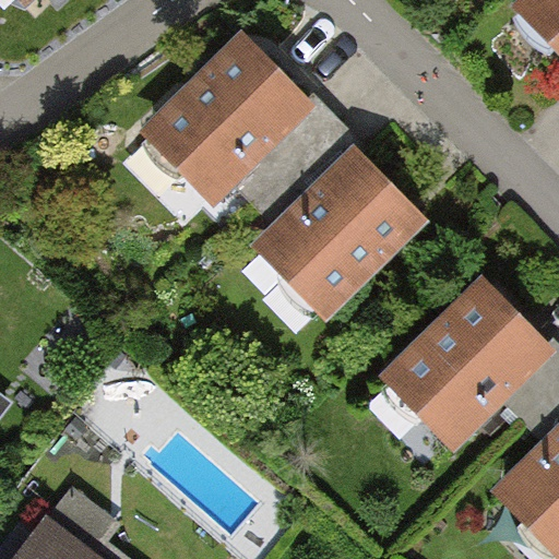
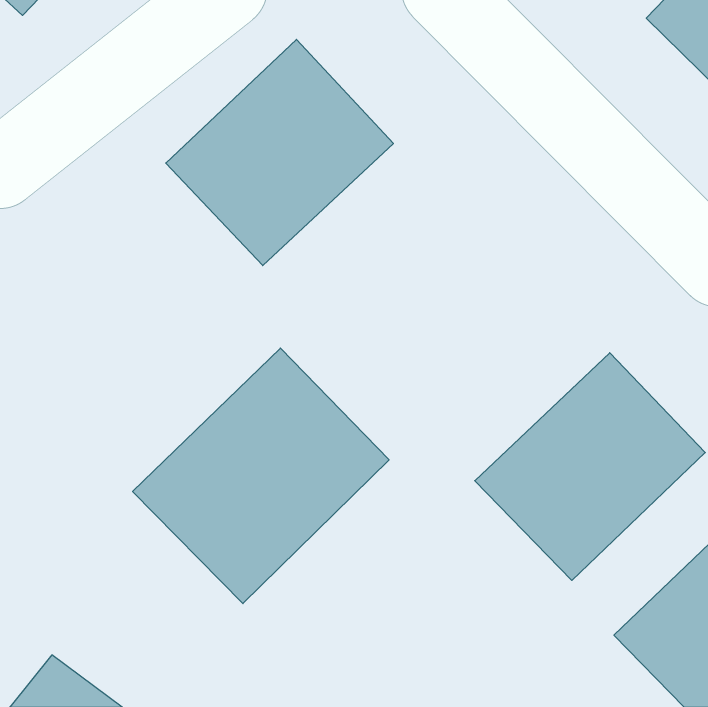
building: [257,151,432,325] -> none
building: none -> [133,348,389,604]

